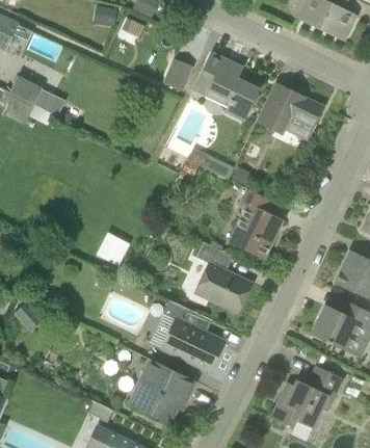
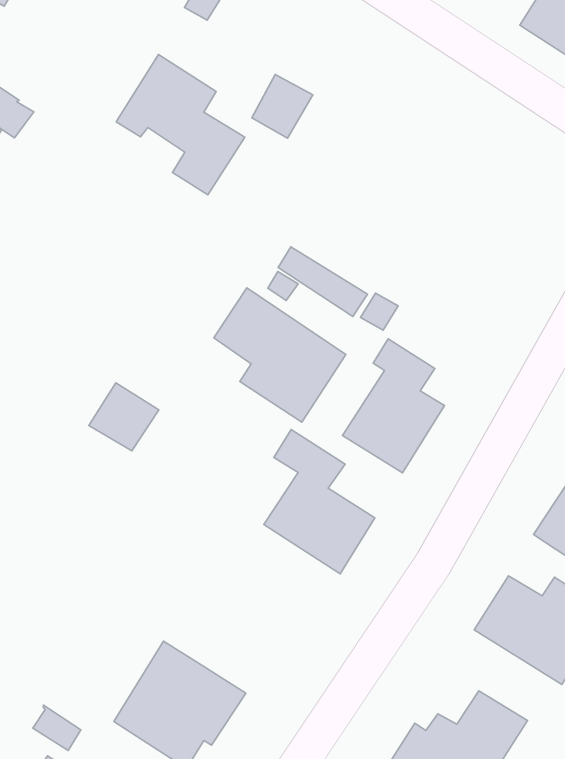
building: [193,52,261,122] -> [116,55,245,195]
building: [257,83,324,136] -> none
building: none -> [214,288,346,422]
building: [163,300,224,371] -> none

